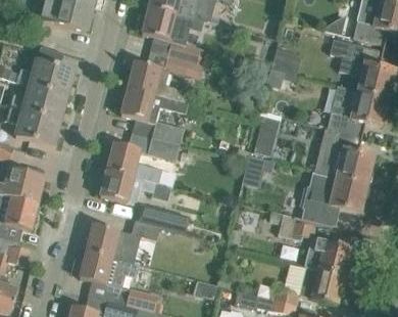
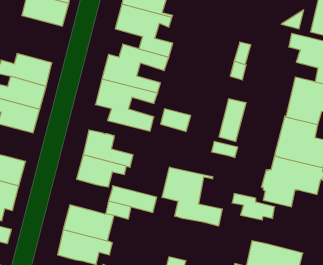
building: [147,136,180,161] -> [161,109,191,132]
building: none -> [162,167,222,226]
building: [304,236,351,275] -> none

